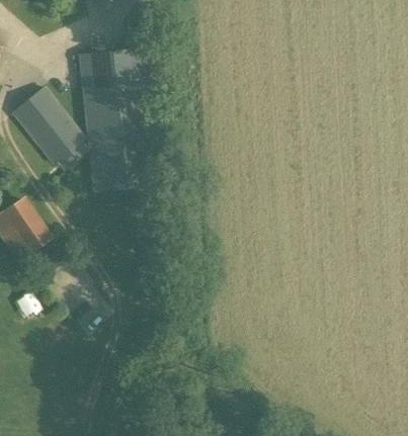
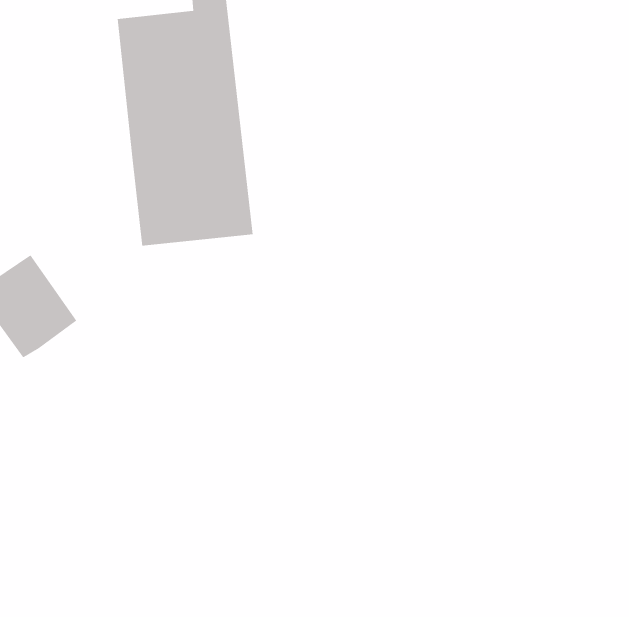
building: [11,85,86,164] -> none

